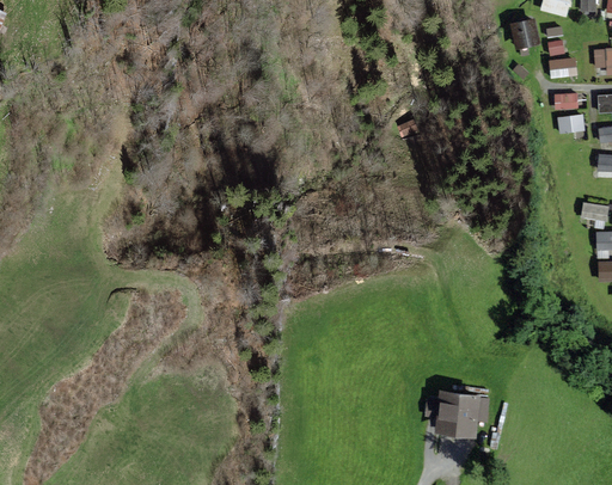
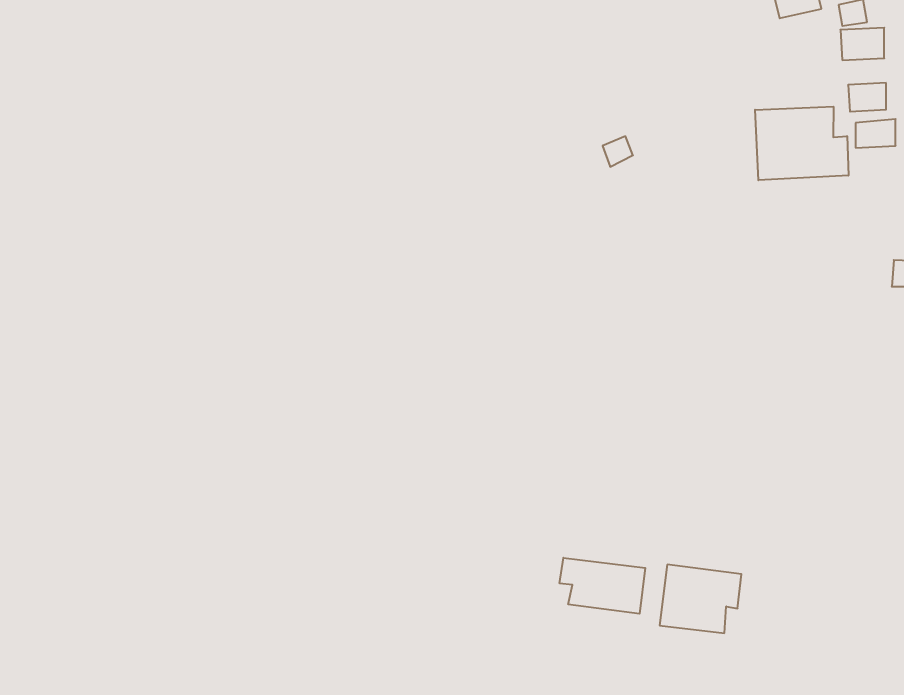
building: none -> [755,107,848,180]
building: none -> [560,558,645,614]

